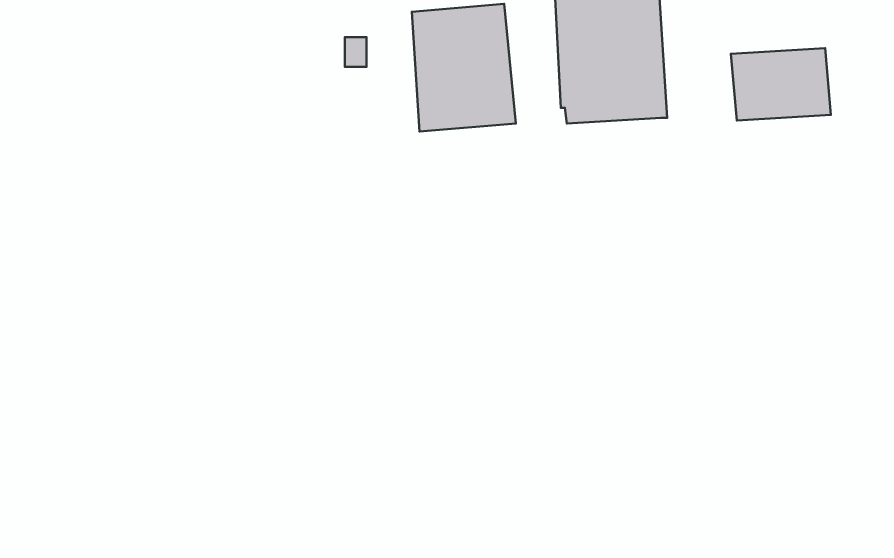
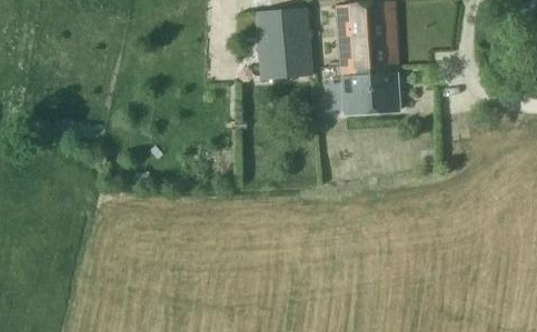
building: [731,48,831,121] -> [342,72,399,113]

